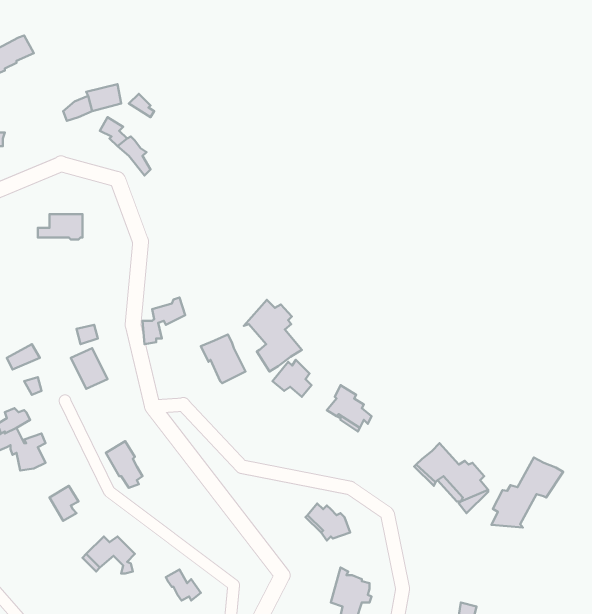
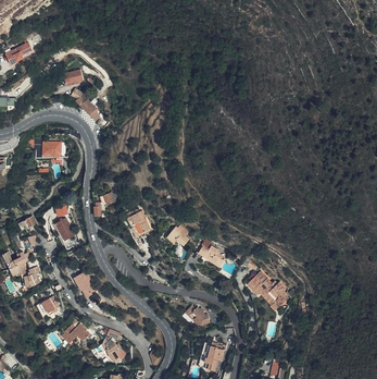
building: [244,300,302,371] -> none
building: [491,457,563,528] -> none

